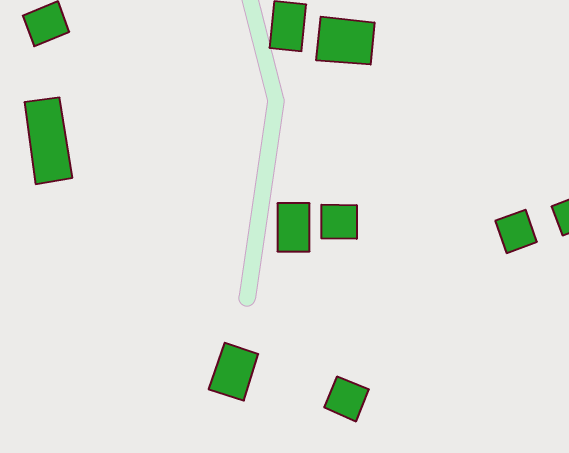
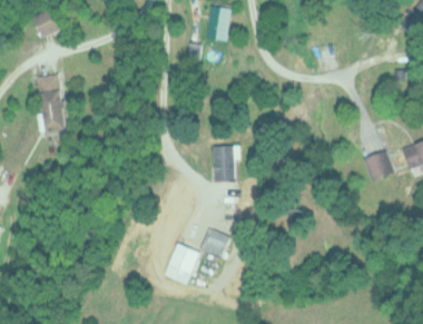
building: [316,17,374,65] -> none
building: [321,205,357,239] -> none
building: [324,377,369,421] -> [198,228,229,259]

